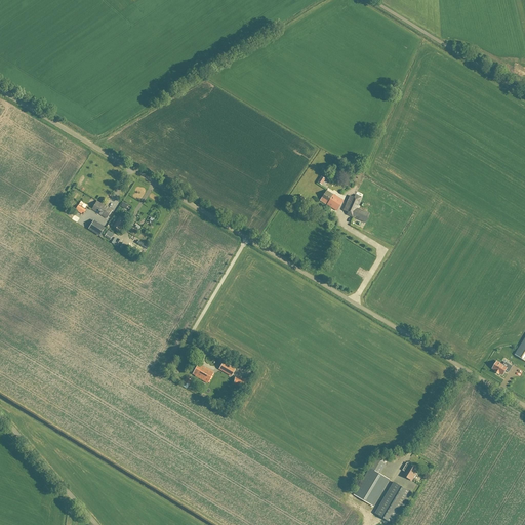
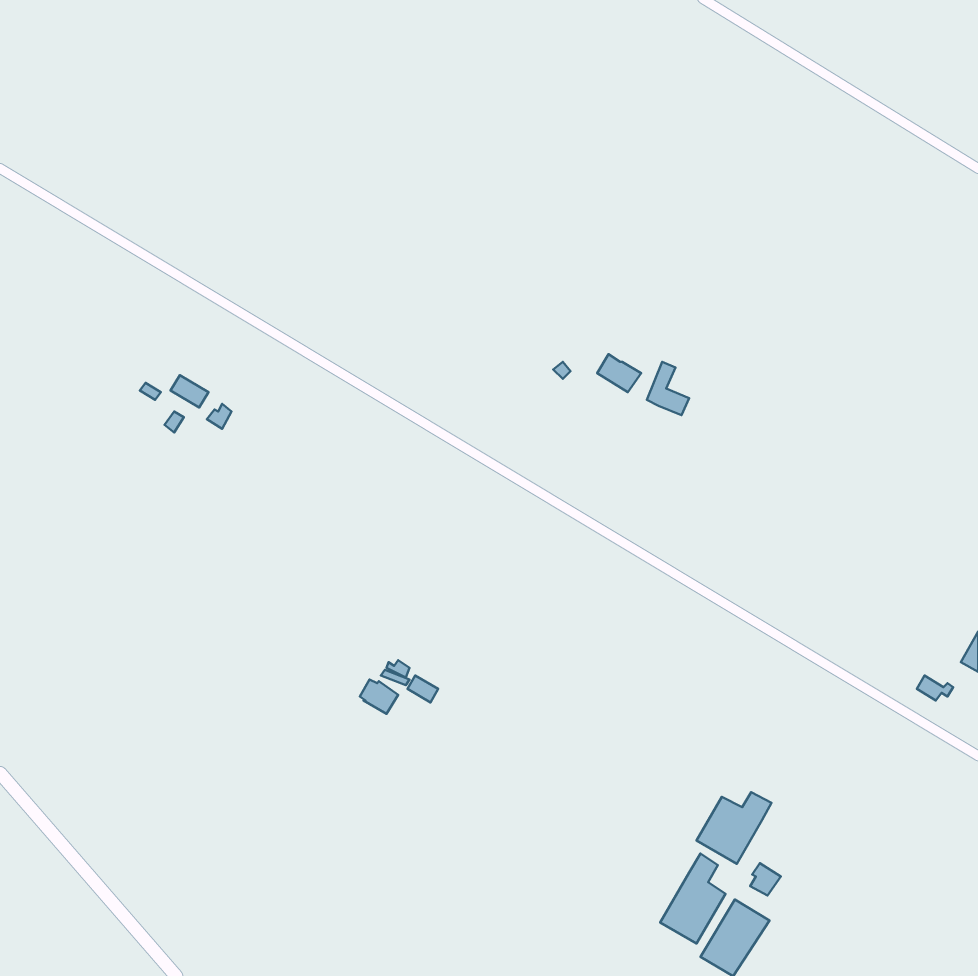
building: none -> [696,792,772,864]

